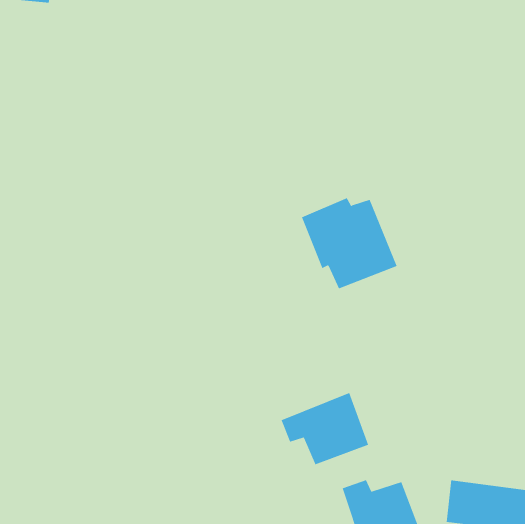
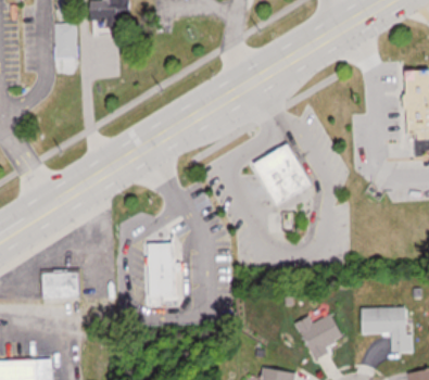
building: none -> [142,241,175,299]
building: [281,392,369,465] -> none

